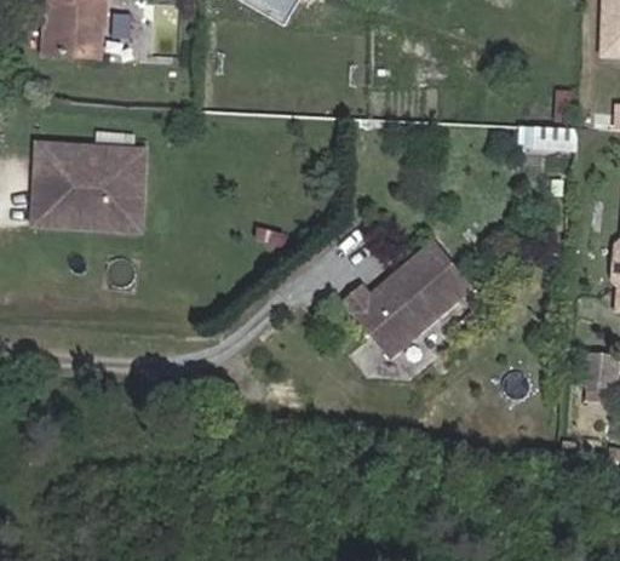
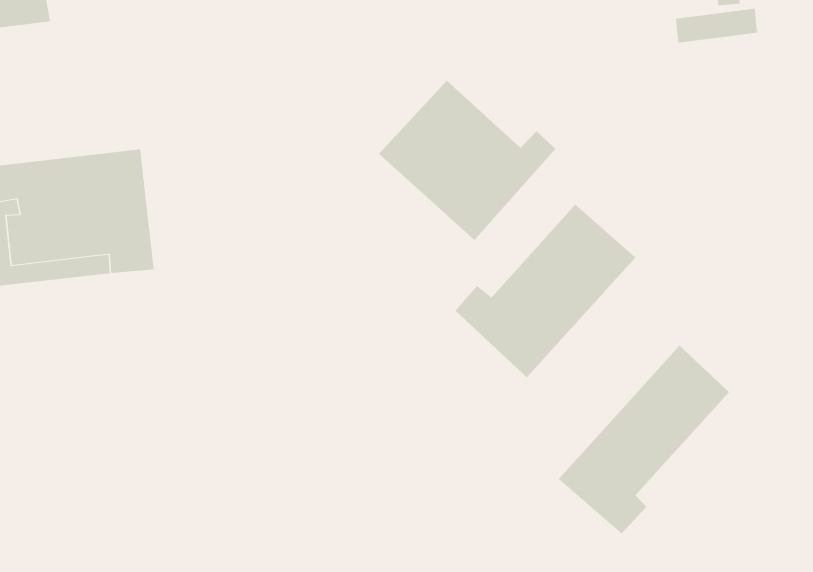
building: none -> [378,80,556,241]
building: none -> [558,345,730,534]

